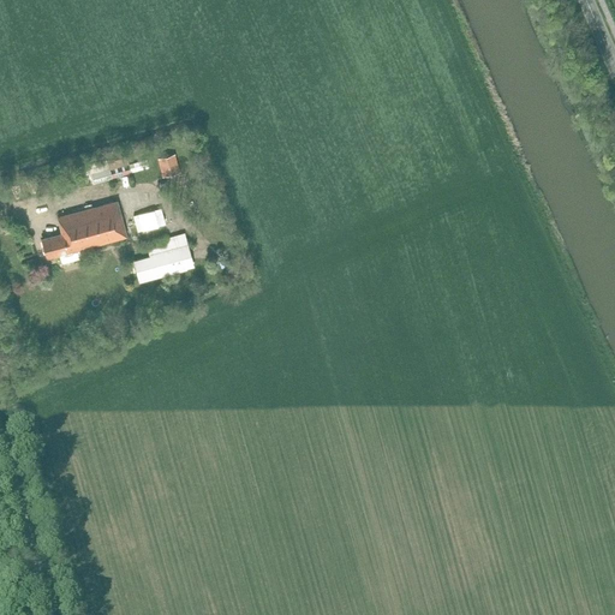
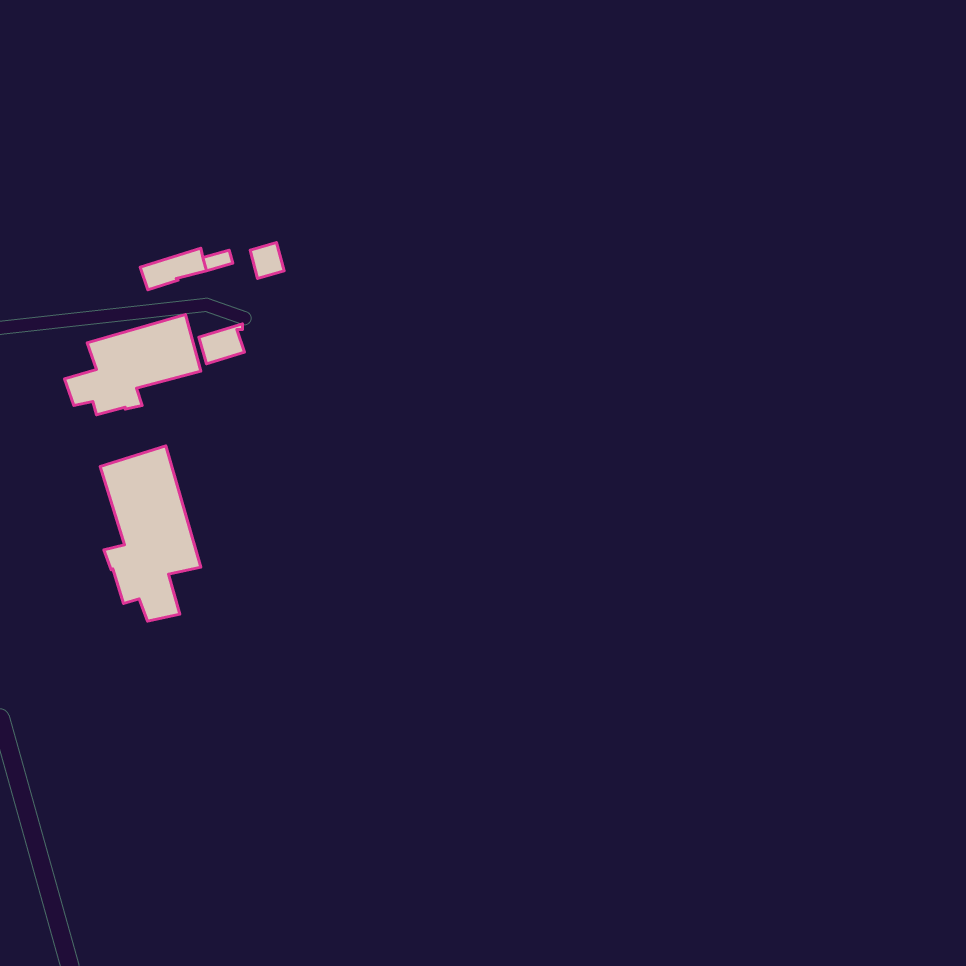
building: [133,240,187,282] -> none
building: none -> [100,446,201,621]

